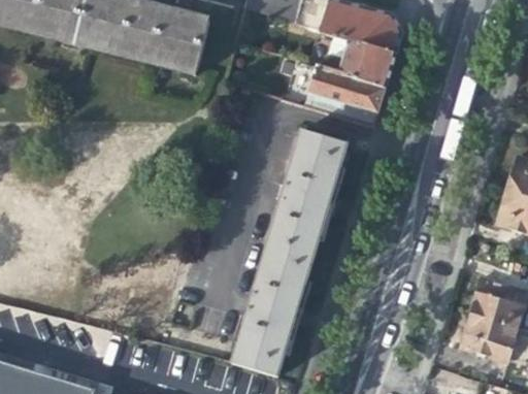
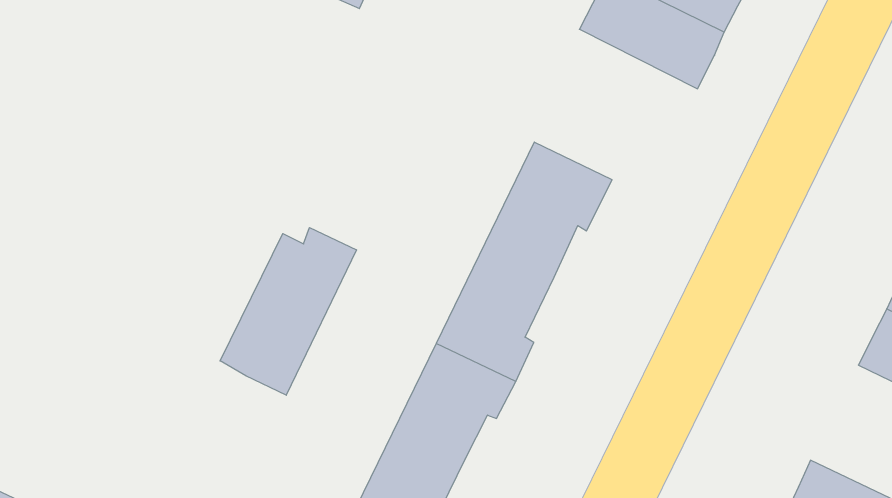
building: [308,67,386,114] -> none
building: none -> [220,228,356,395]

